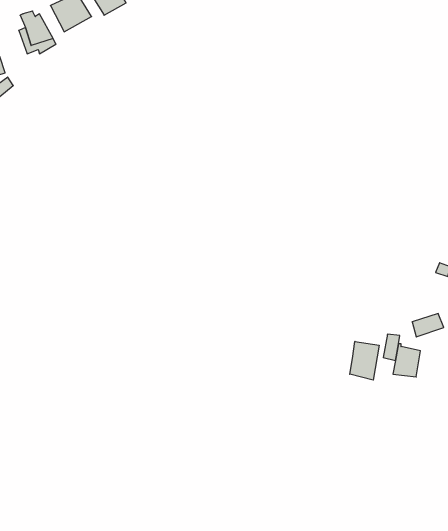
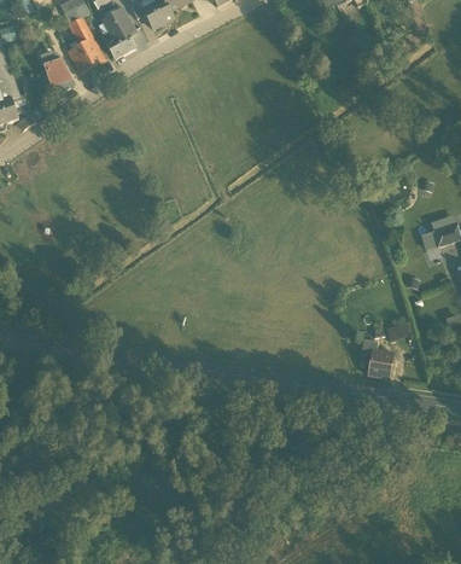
building: [350,341,379,380] -> none

